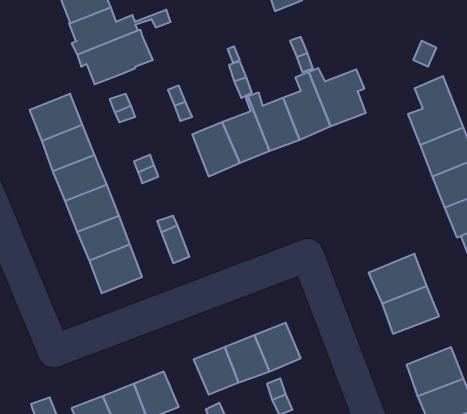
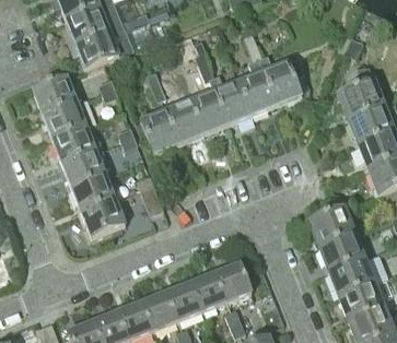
building: none -> [140,110,178,153]
building: none -> [327,257,374,296]
building: none -> [142,292,178,330]

